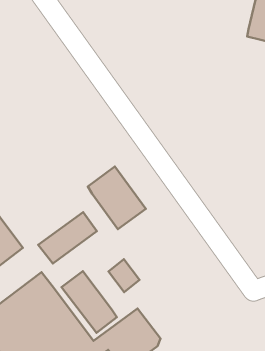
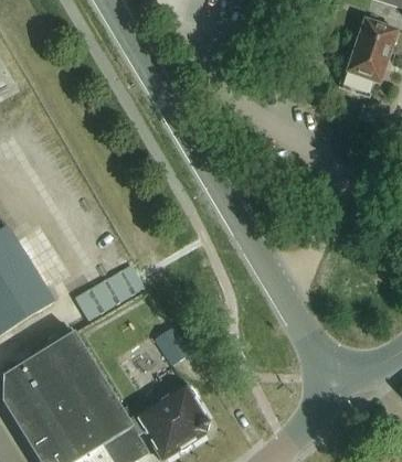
building: [88,166,146,229] -> none
building: [62,271,117,333] -> none

